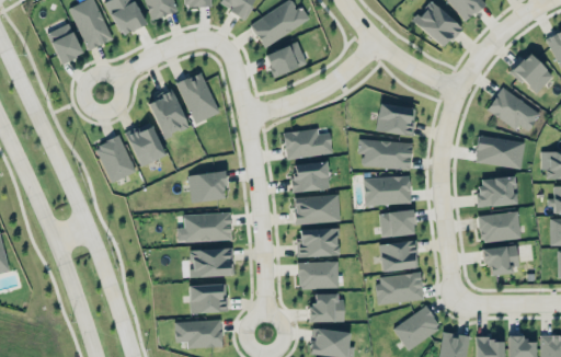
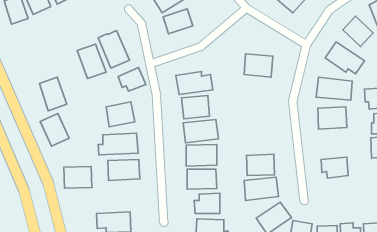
building: [126,122,165,166] -> [40,113,69,146]
building: none -> [118,68,146,91]
building: [358,140,412,169] -> none
building: [364,176,411,205] -> none
building: [380,210,415,237] -> none
building: [479,211,522,243] -> none
building: [190,284,228,313] -> [64,166,92,188]

